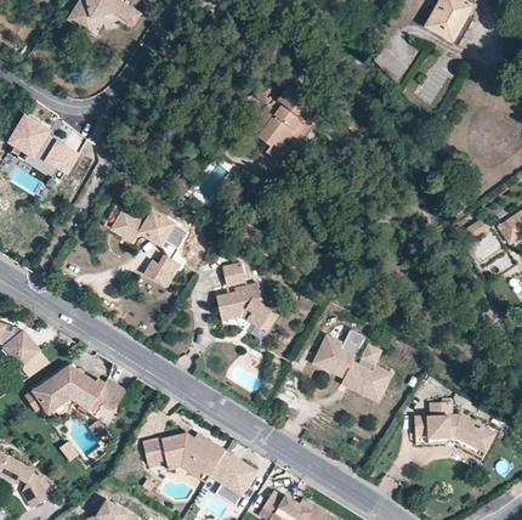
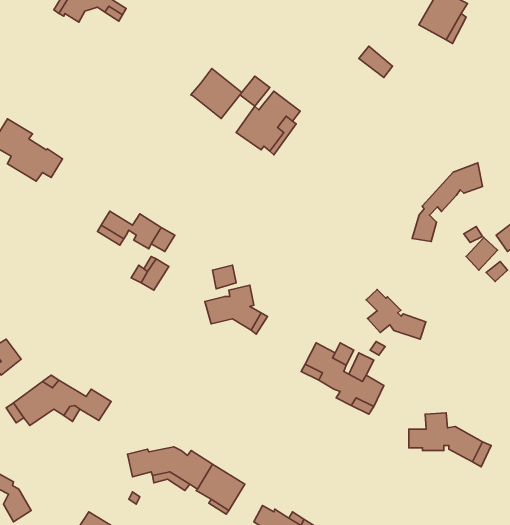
building: none -> [191,68,242,119]
building: none -> [412,163,483,242]
building: none -> [366,289,426,339]

